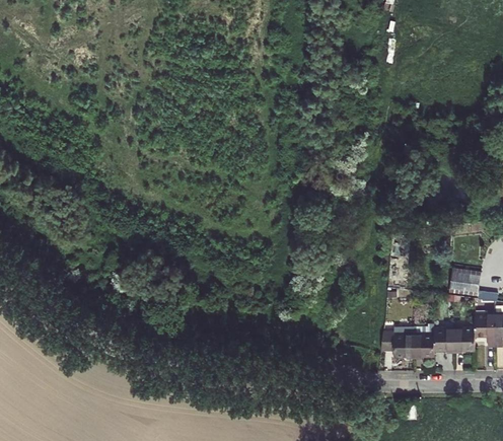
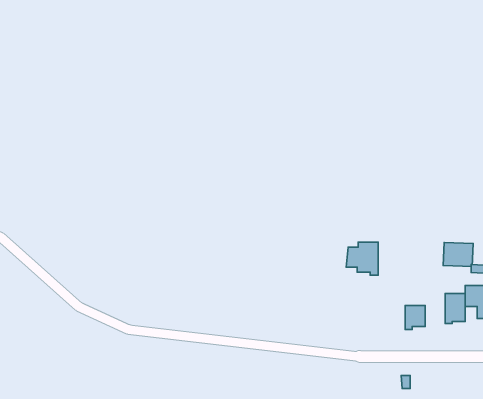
building: [381,325,414,359] -> [346,242,378,275]
building: [434,328,454,353] -> none

